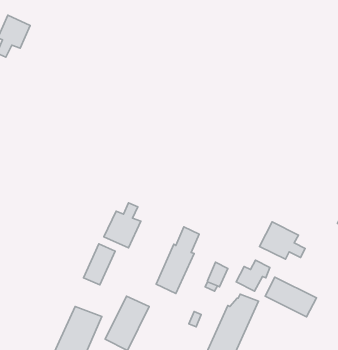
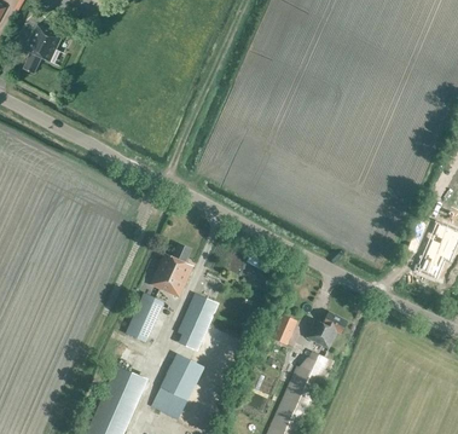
building: [260,222,305,259] -> none
building: [156,227,199,294] -> [174,273,225,352]
building: [265,277,316,317] -> none

